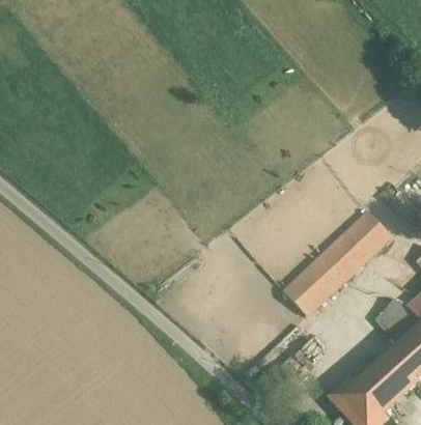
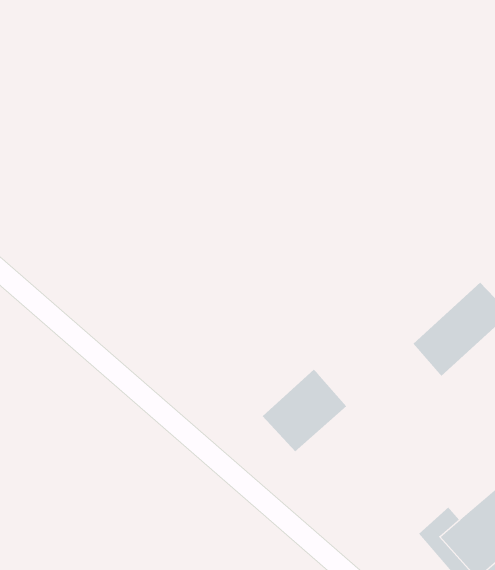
building: [281,252,342,312] -> [262,369,347,452]

